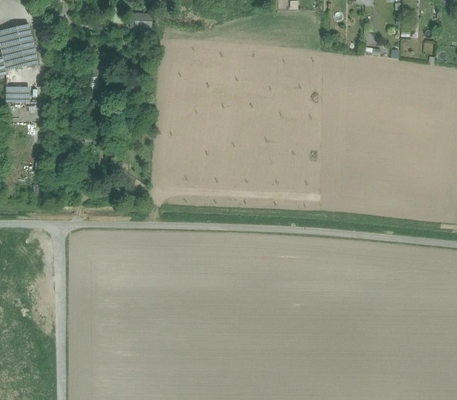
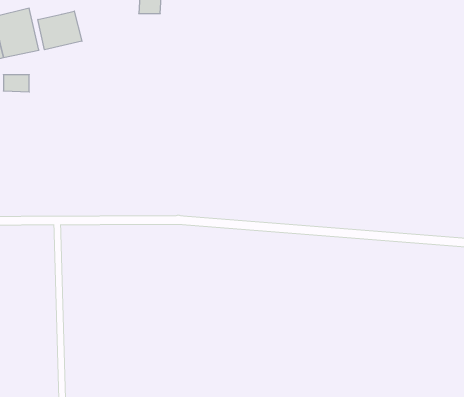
building: none -> [38,11,82,50]

